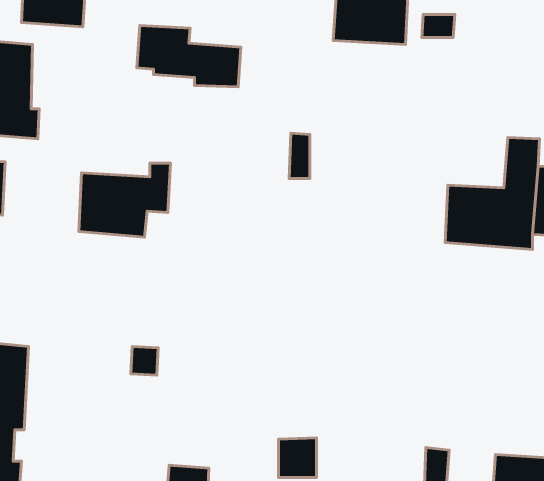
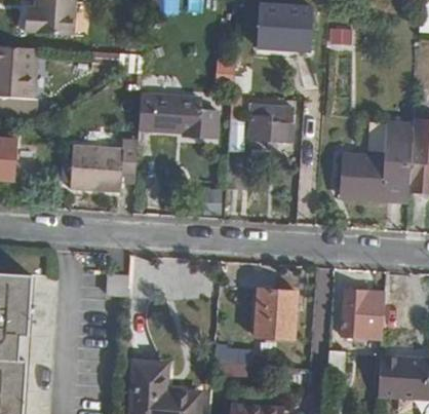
building: [137,25,241,87] -> [138,96,216,142]
building: none -> [250,102,296,138]
building: none -> [256,288,299,341]
building: none -> [342,291,385,343]

